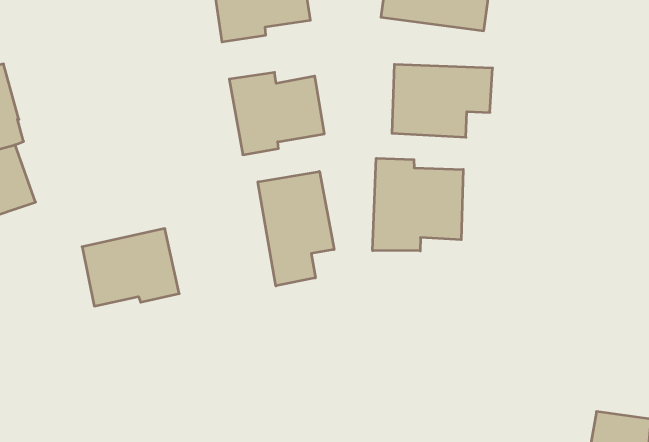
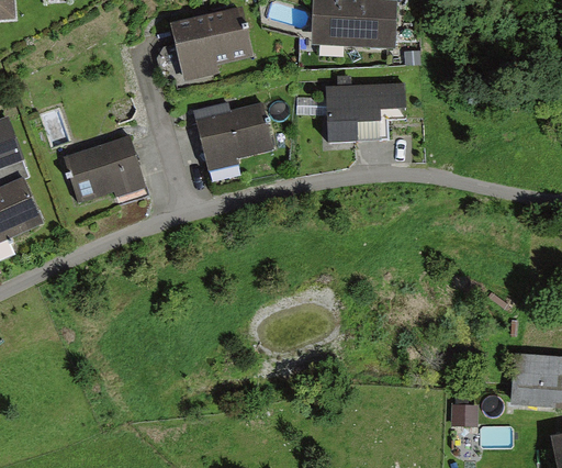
building: [373,158,463,251] -> none
building: [258,171,334,286] -> none
building: [82,229,179,306] -> [64,134,146,202]

